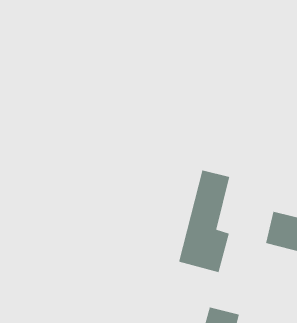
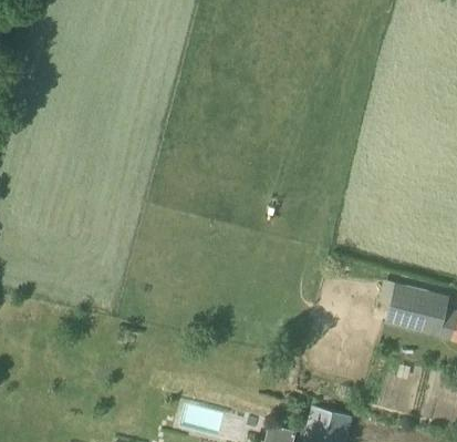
building: [178,169,230,273] -> none

